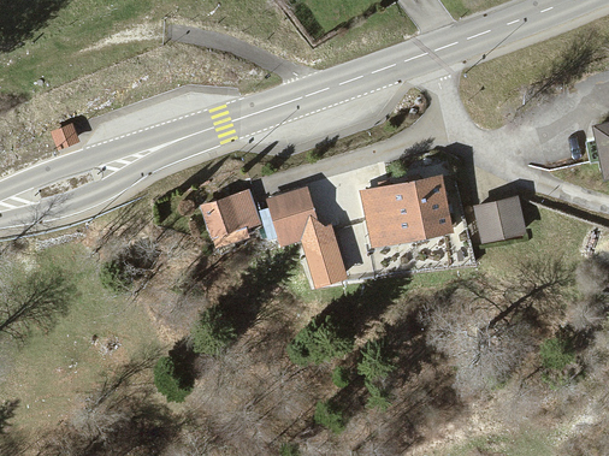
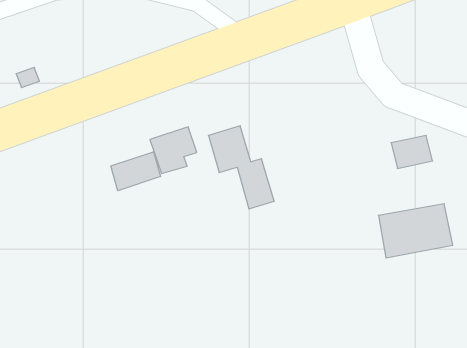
building: [366,182,450,243] -> [378,204,453,258]
building: none -> [111,152,160,191]

